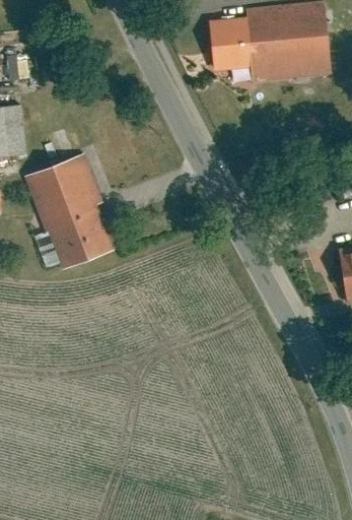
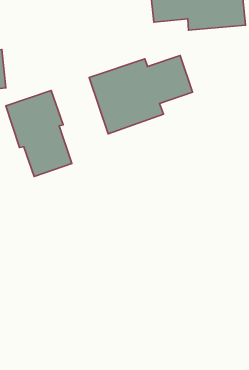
building: none -> [89,55,192,134]

